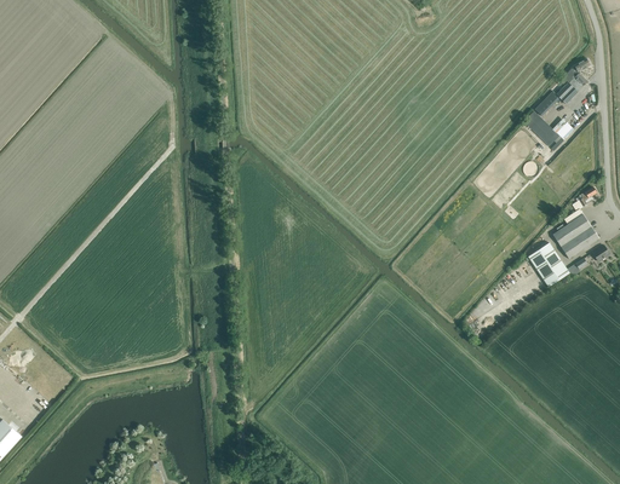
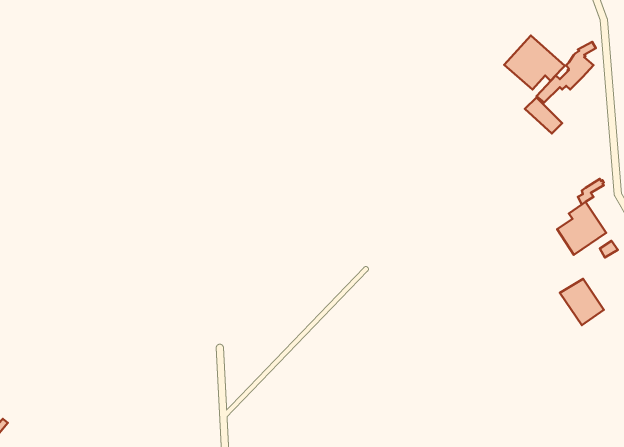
building: none -> [504,36,565,90]
building: [528,242,569,286] -> [560,279,604,325]

